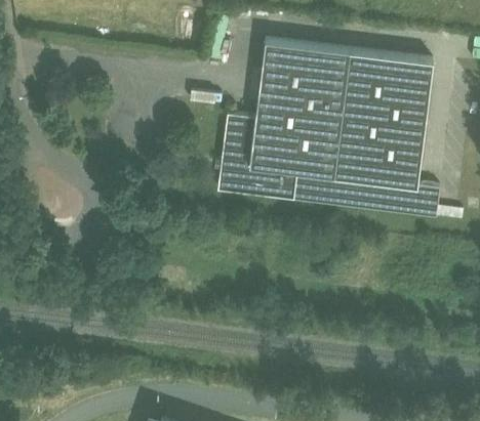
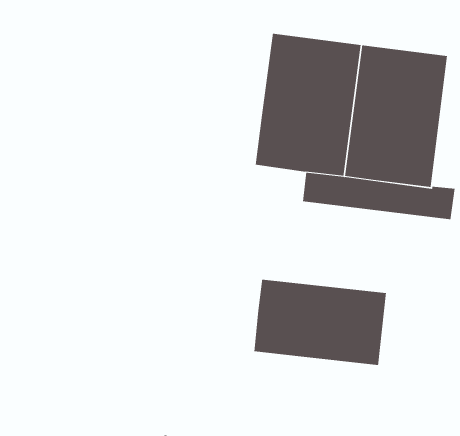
building: [218,111,297,197] -> none
building: none -> [254,279,386,366]

